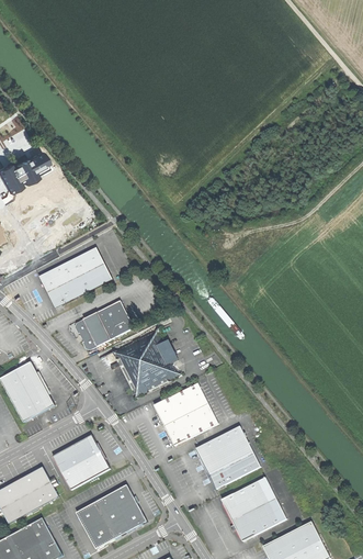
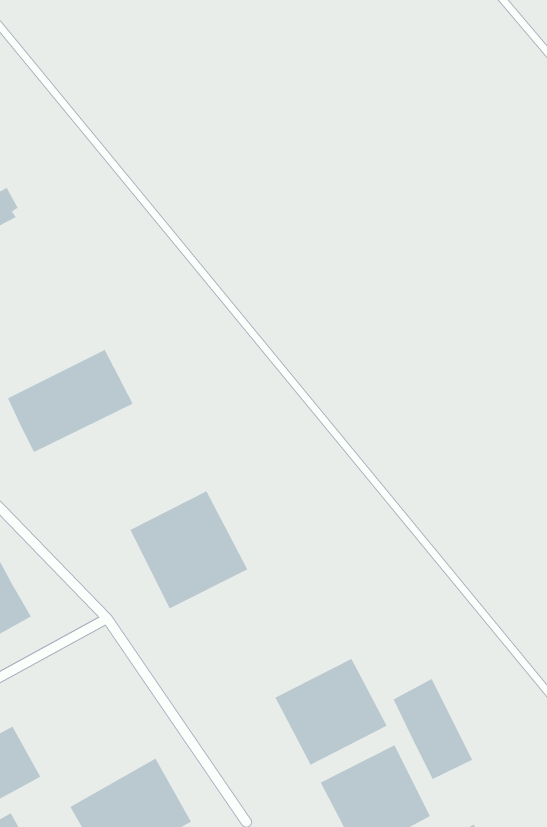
building: [75,301,133,350] -> none
building: [152,383,217,446] -> none
building: [53,435,111,490] -> none
building: none -> [393,678,473,780]

